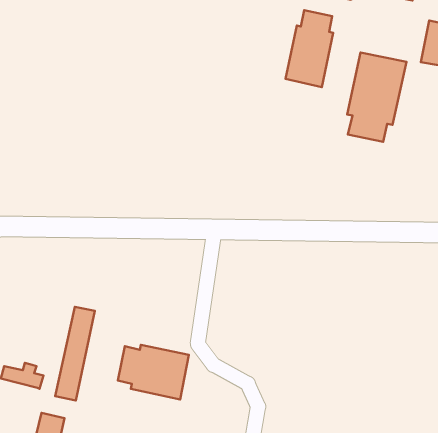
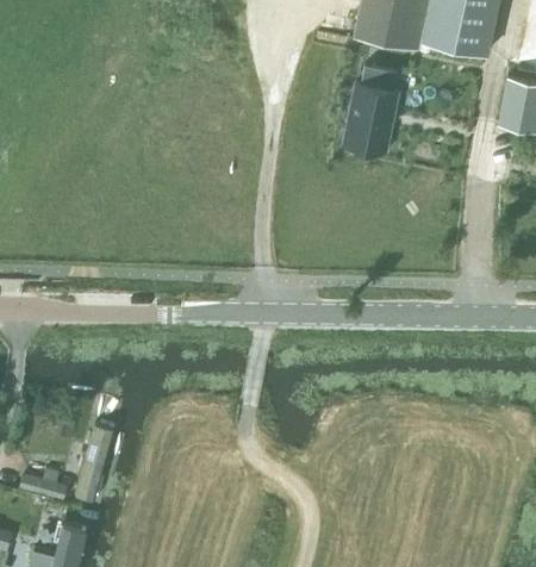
building: [347,53,406,142] -> none
building: [118,345,189,399] -> none

